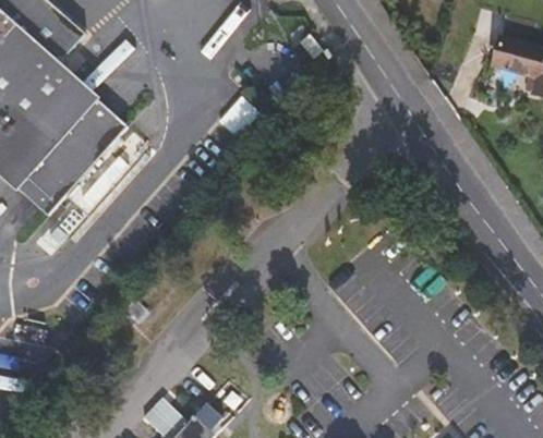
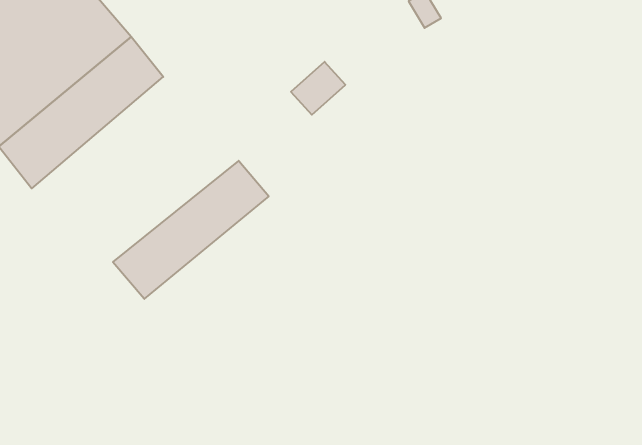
building: none -> [113,161,269,299]

